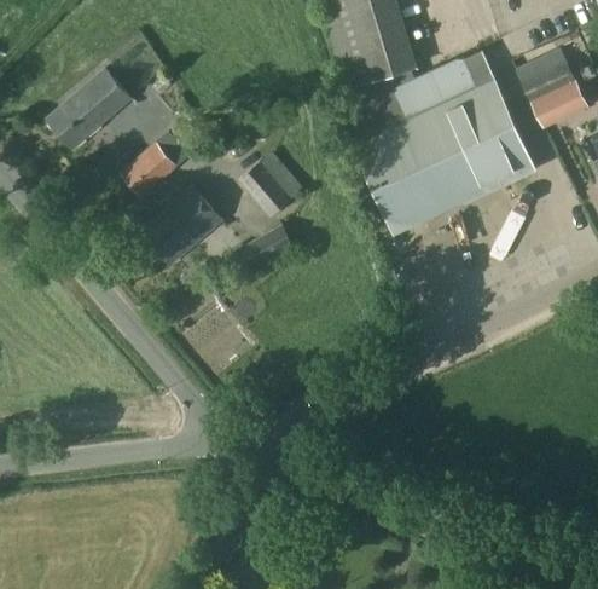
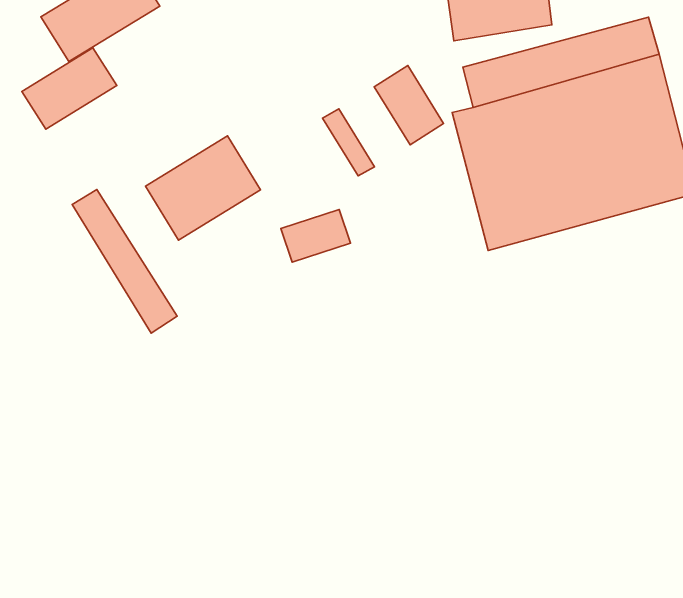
building: [121,131,188,195] -> [22,48,117,129]
building: [238,160,292,216] -> [374,66,444,145]
building: none -> [72,189,177,333]

